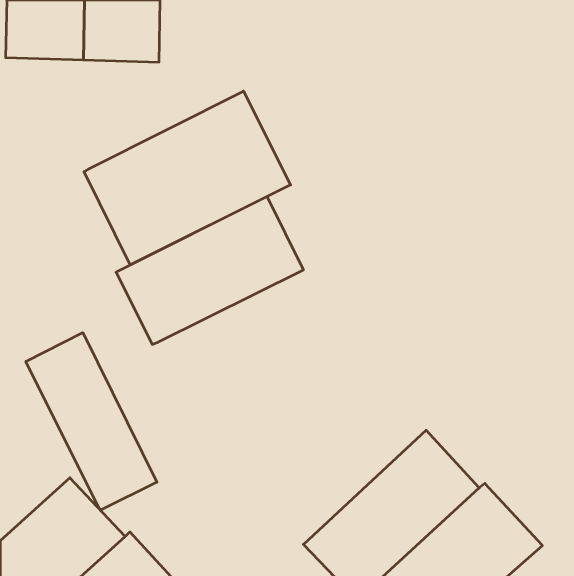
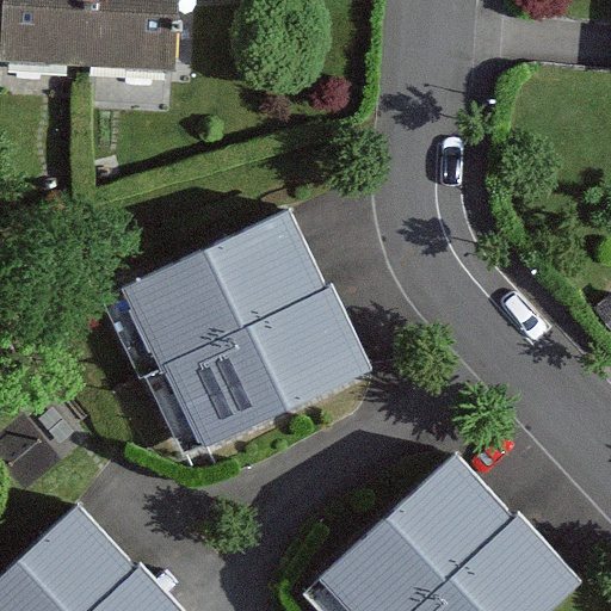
building: [84,91,291,265] -> none
building: none -> [169,283,369,440]
building: [26,333,157,510] -> none

